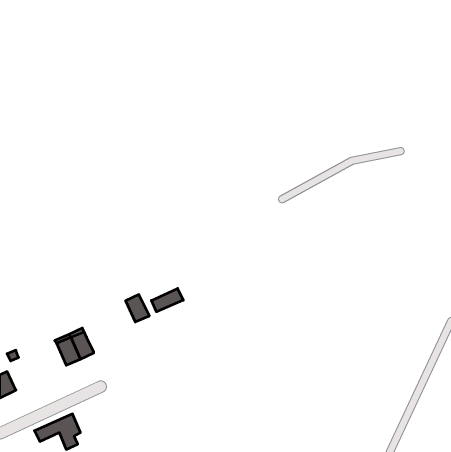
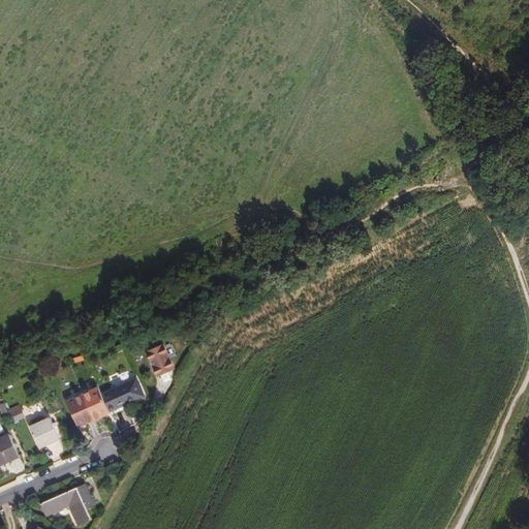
building: [151,288,183,312] -> none
building: none -> [101,378,144,411]
building: none -> [29,418,59,447]

